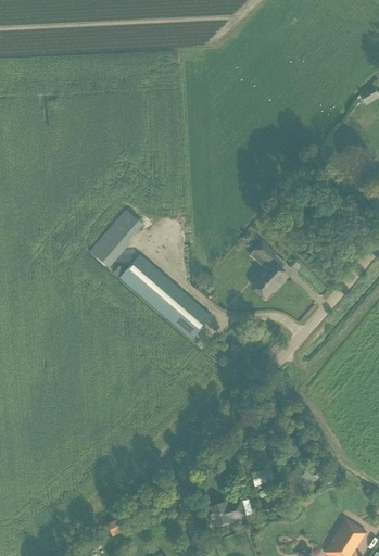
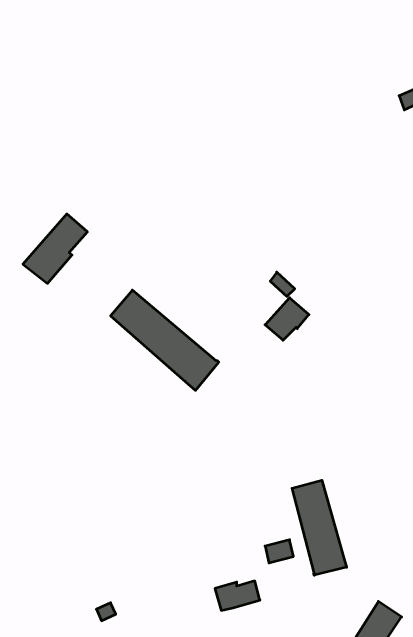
building: [89,208,143,267] -> [23,214,87,283]
building: none -> [292,480,347,575]

